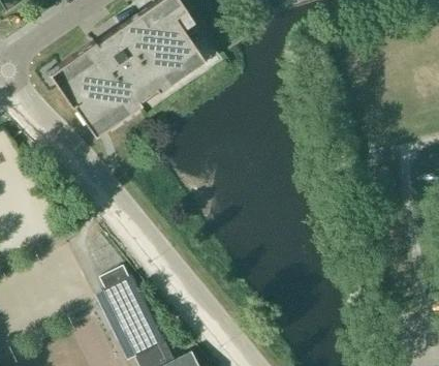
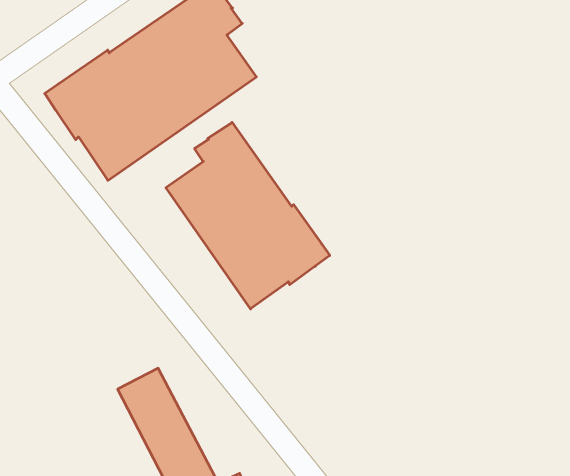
building: none -> [166,122,330,309]

